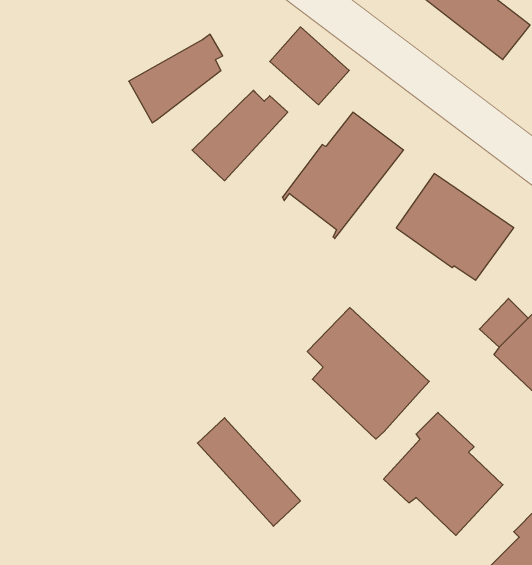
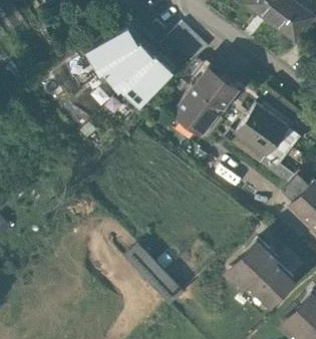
building: none -> [102,45,157,92]
building: [307,308,429,439] -> none

